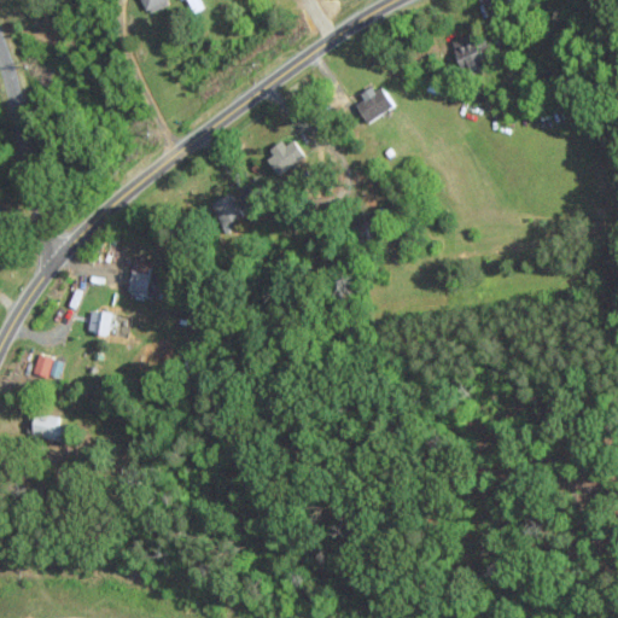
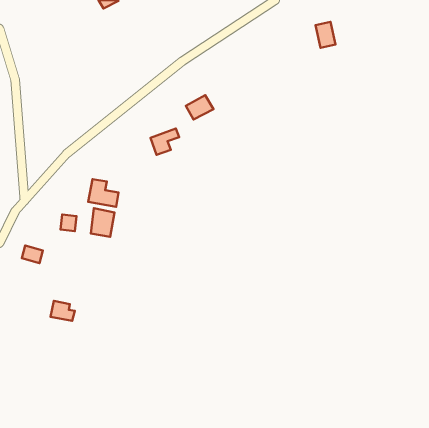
building: [354,84,395,123] -> none
building: none -> [91,208,115,237]
building: [29,413,64,442] -> [50,301,75,321]

